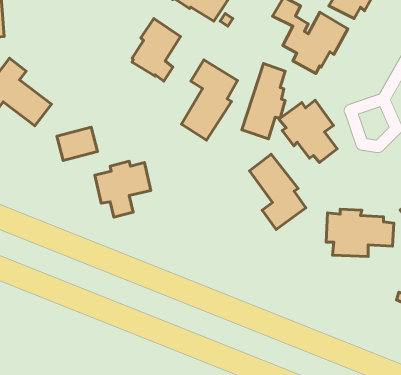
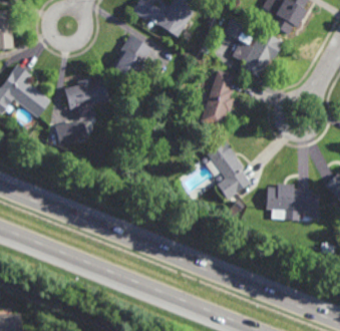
building: [181,60,238,140] -> none
building: [279,100,337,162] -> none
building: [95,161,151,217] -> [64,77,108,121]

